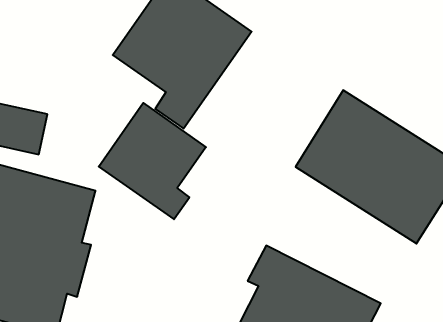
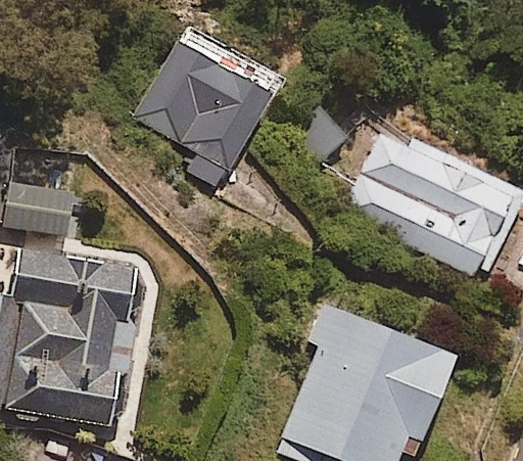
building: [99,103,206,219] -> none

